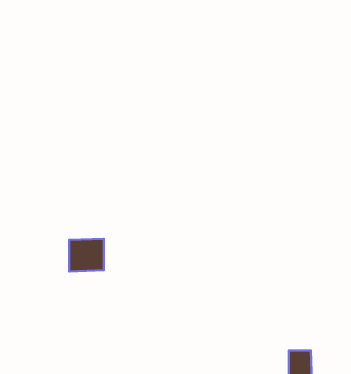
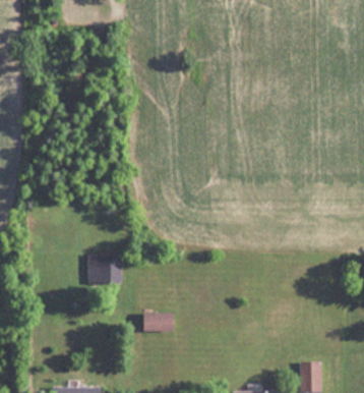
building: none -> [143,313,174,331]

